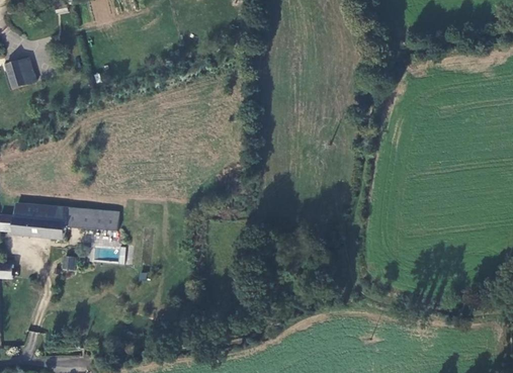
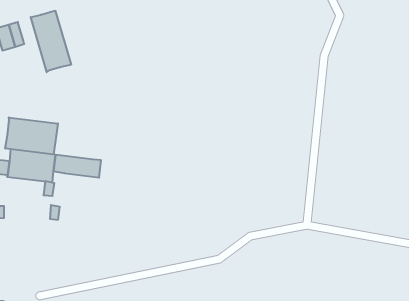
building: none -> [31,11,71,72]
building: none -> [5,117,58,154]

